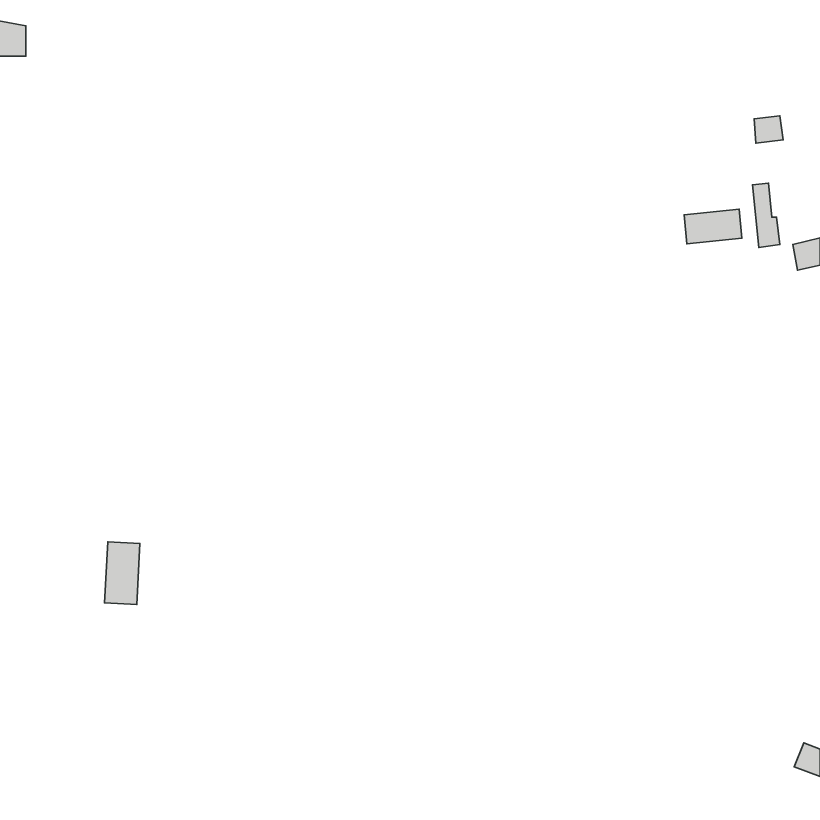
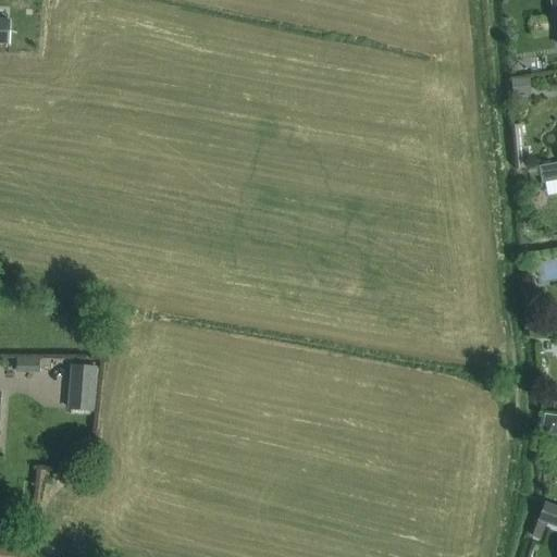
building: [684,209,742,244] -> none

